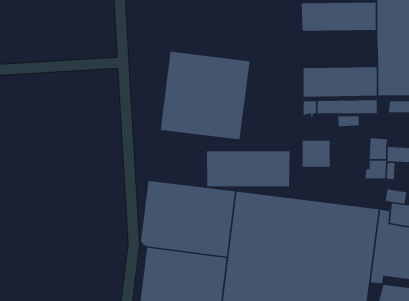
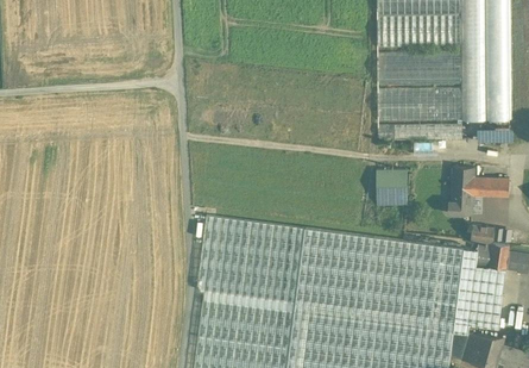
building: none -> [378,52,462,86]
building: [160,51,250,140] -> none
building: [206,151,291,187] -> none

